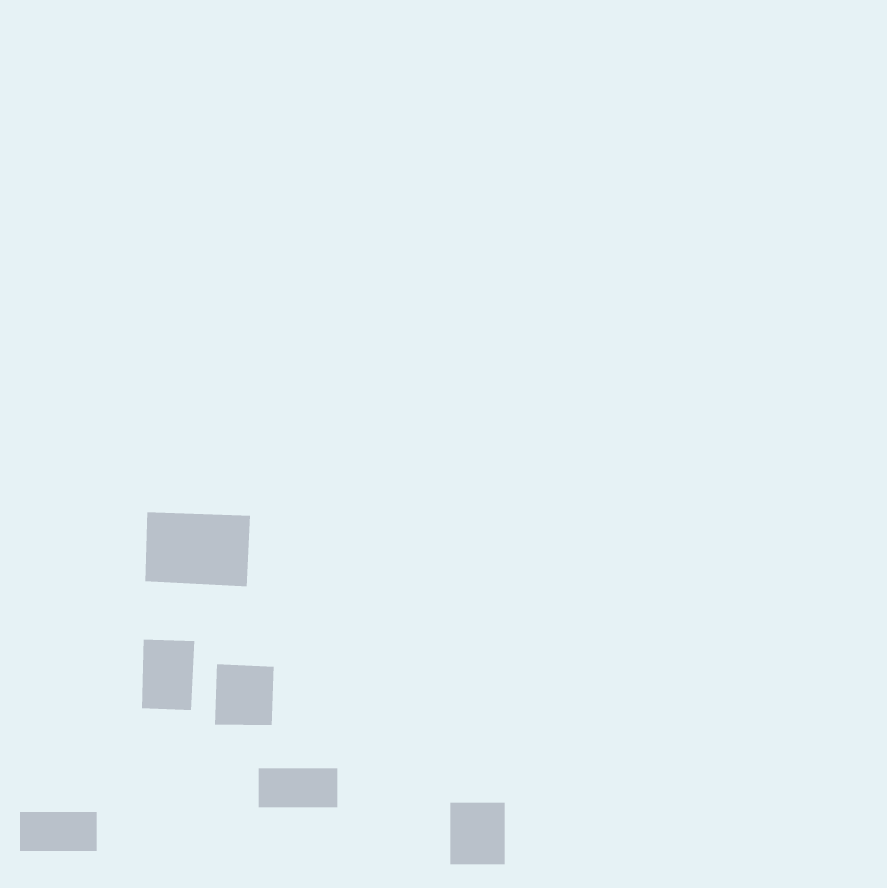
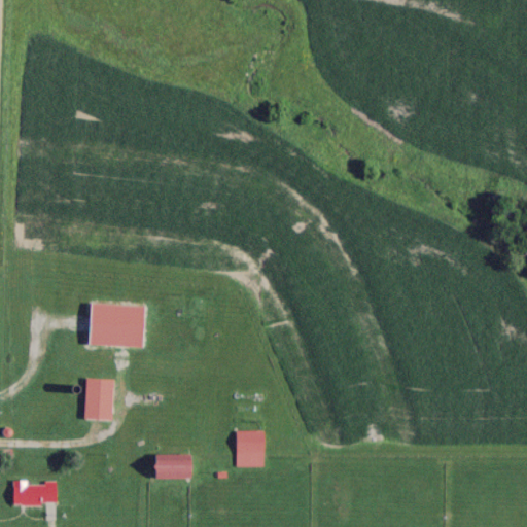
building: [215,663,274,726] -> none
building: [450,802,505,865] -> [233,429,266,466]

